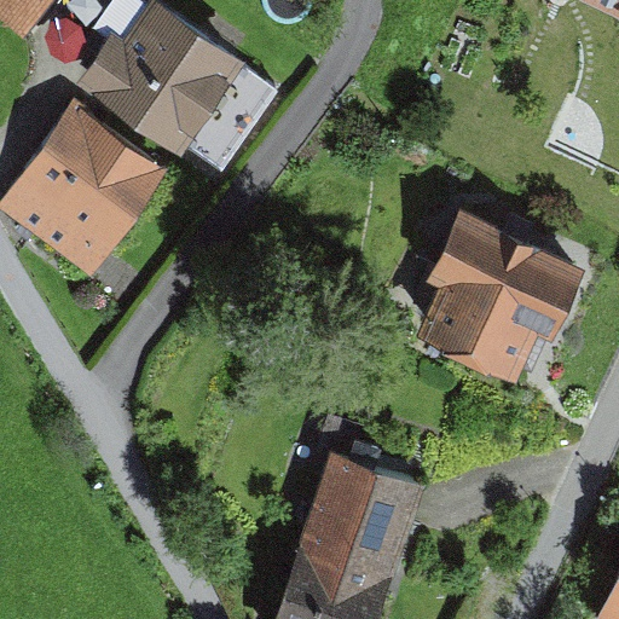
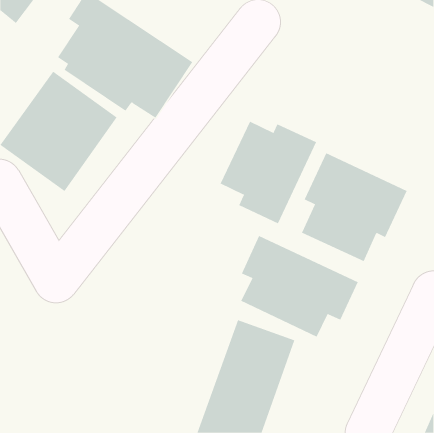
building: none -> [220,121,317,224]
building: none -> [241,235,359,338]

